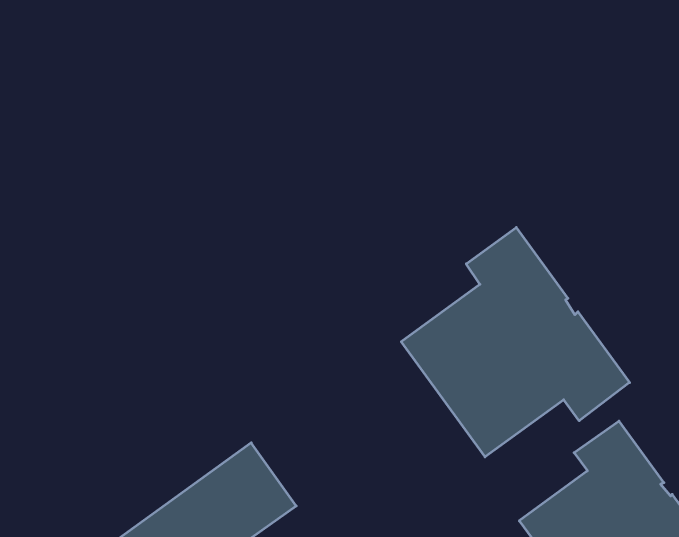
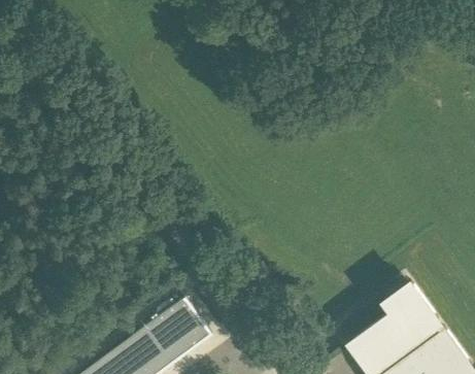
building: [401,227,630,457] -> none

